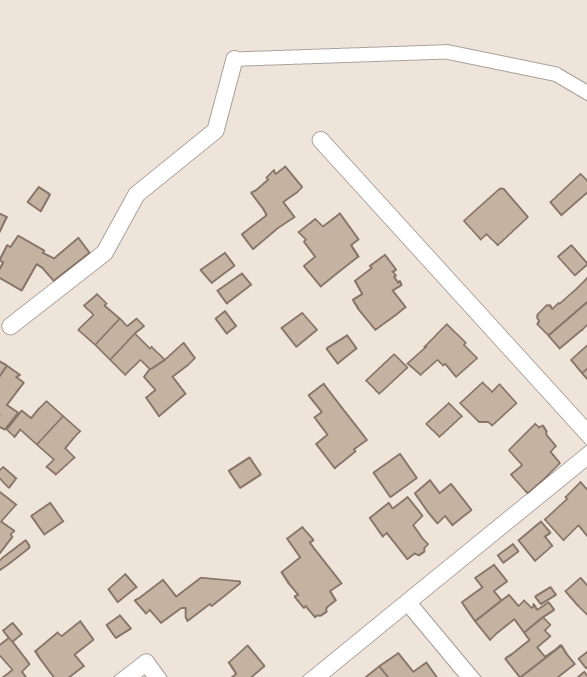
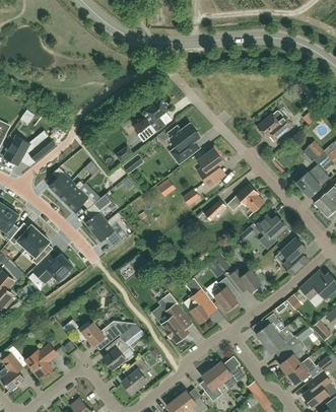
building: none -> [92,212,122,248]
building: [309,384,367,468] -> [186,278,217,324]
building: none -> [33,255,72,282]
building: none -> [104,324,141,369]

